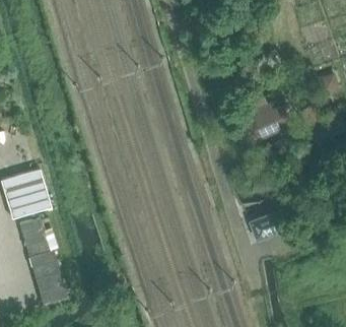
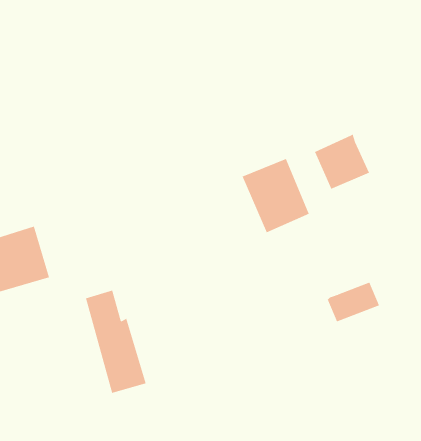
building: none -> [242,158,310,233]
building: [21,227,66,303] -> [85,290,147,393]

